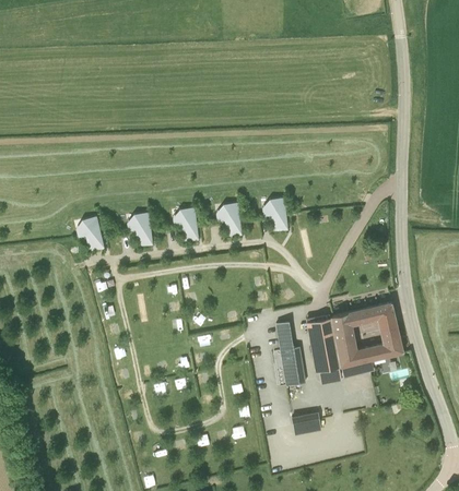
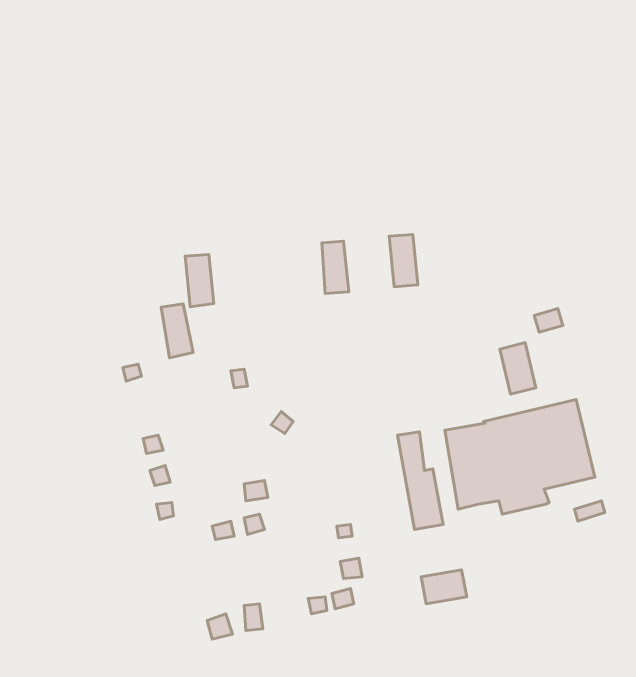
building: [181,205,200,239] -> none
building: [84,216,105,251] -> [161,304,193,358]
building: none -> [500,343,536,394]

